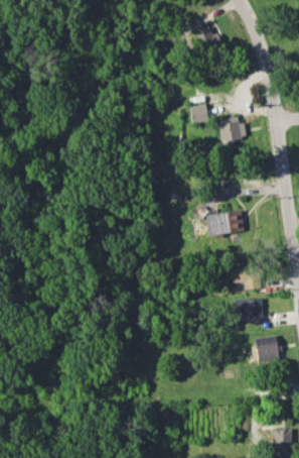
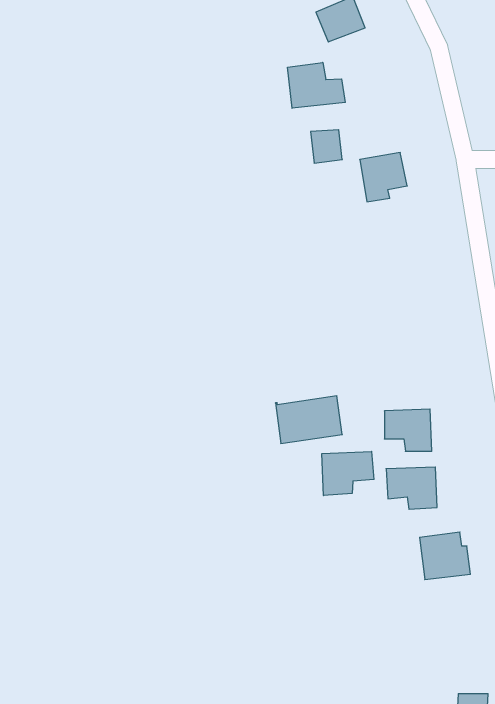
building: none -> [288,62,345,108]
building: [205,210,244,237] -> [275,396,342,443]
building: none -> [322,451,374,496]

